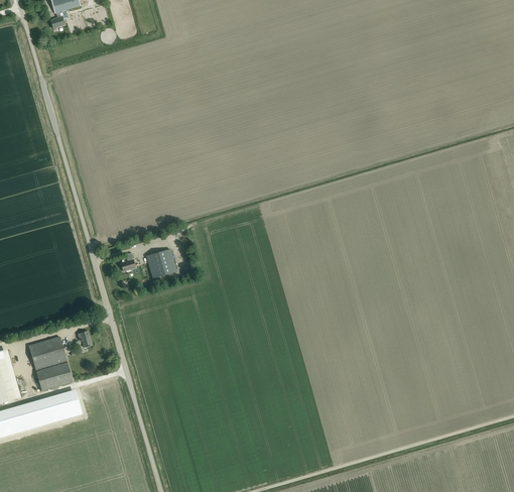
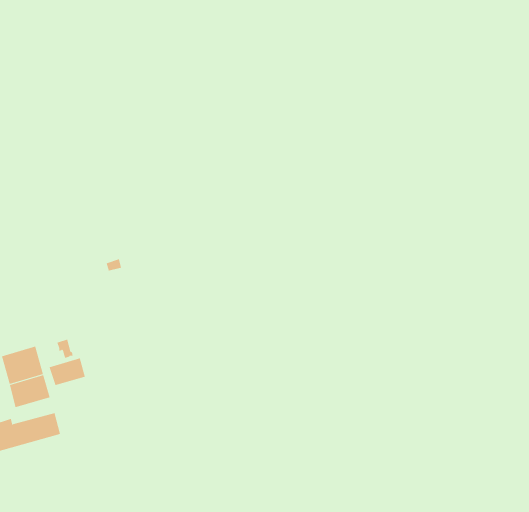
building: [146,249,176,277] -> none
building: none -> [49,358,86,386]

